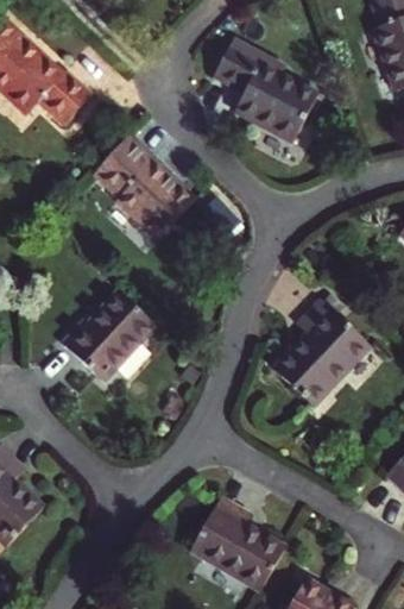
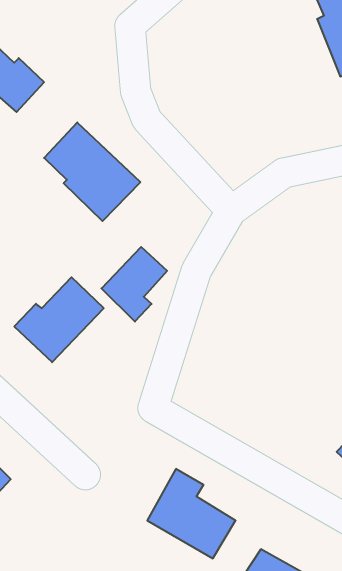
building: [208,33,313,140] -> none
building: none -> [101,247,167,322]
building: [274,297,372,407] -> none

